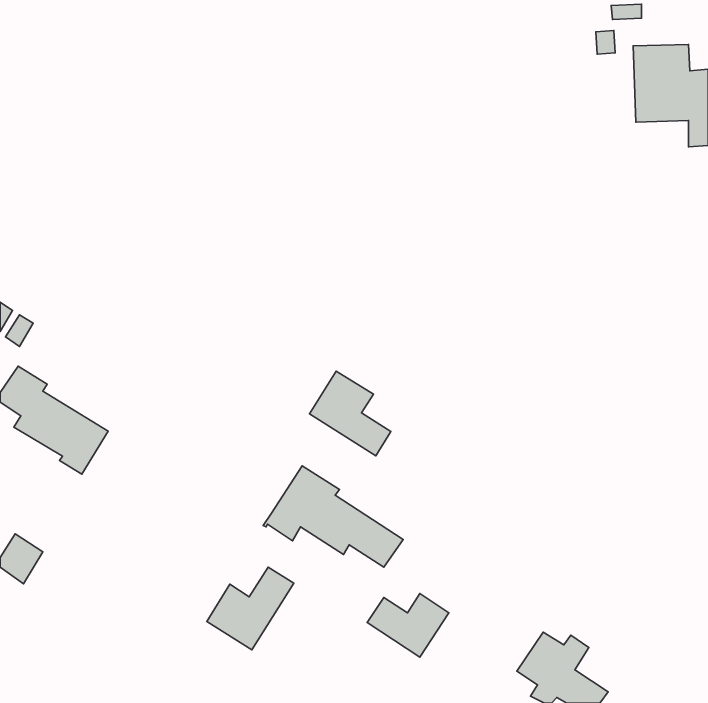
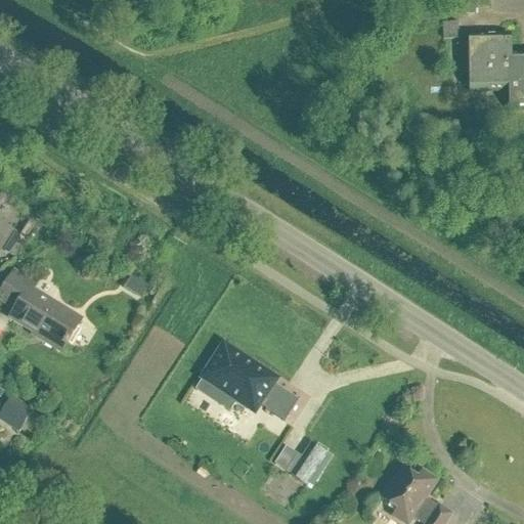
building: [309,371,391,456] -> none
building: [207,567,294,650] -> none

